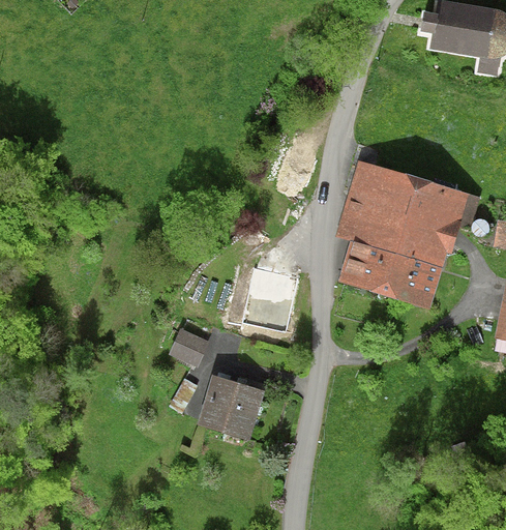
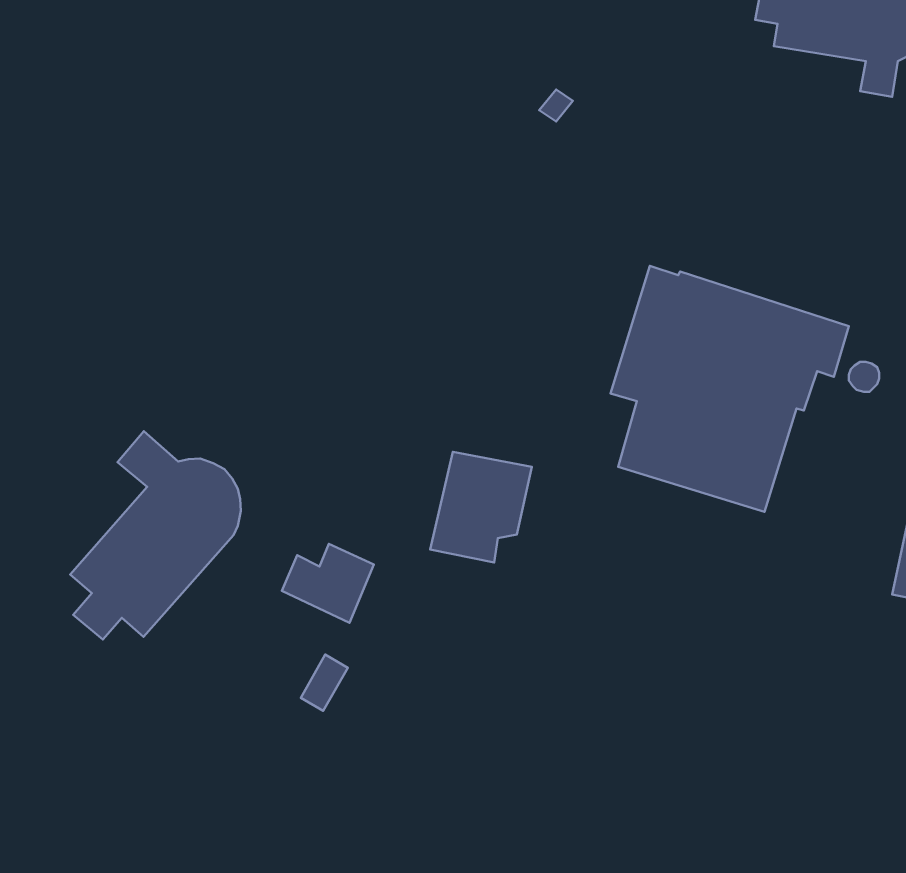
building: none -> [70,431,241,639]
building: [203,380,258,434] -> none

